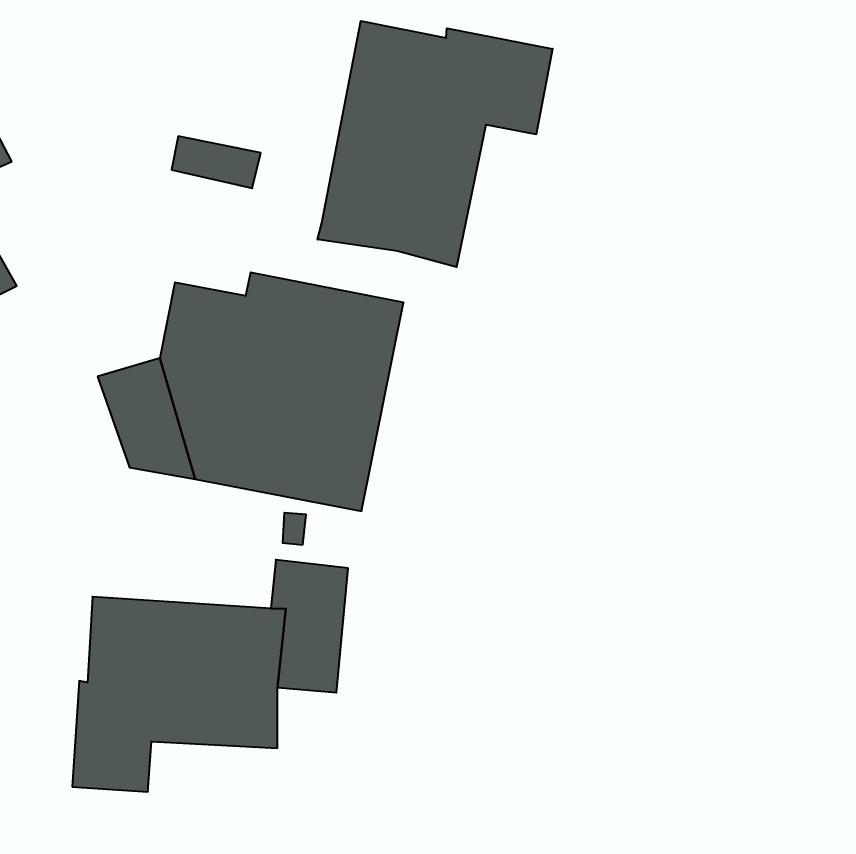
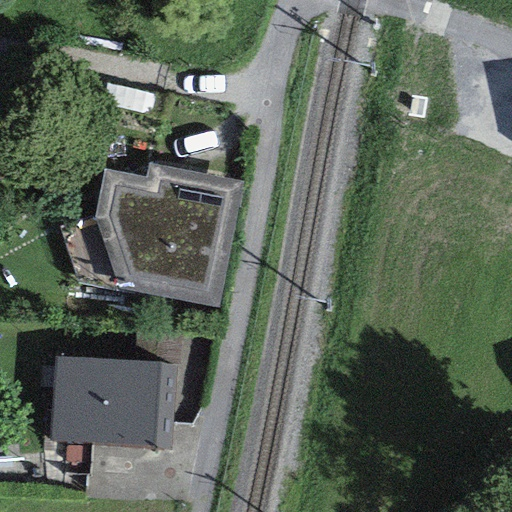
building: [318,21,553,267] -> none

